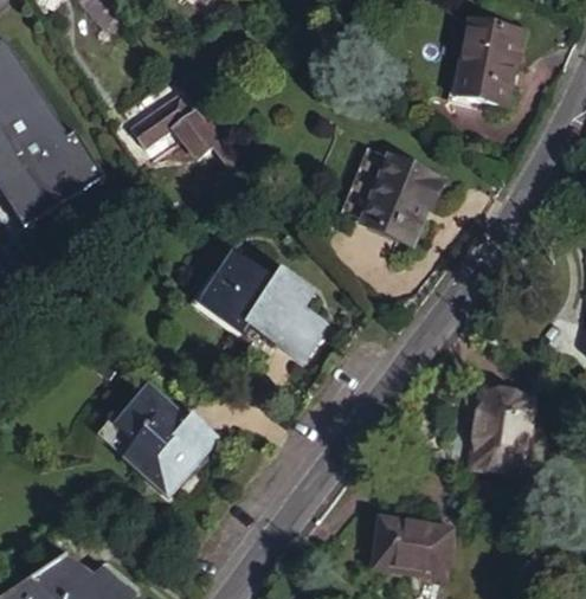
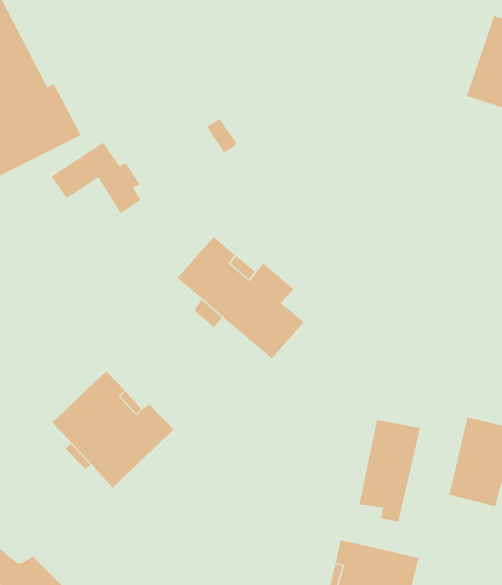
building: [128,89,214,154] -> [51,142,141,214]
building: [348,143,451,239] -> none
building: none -> [359,419,420,523]

